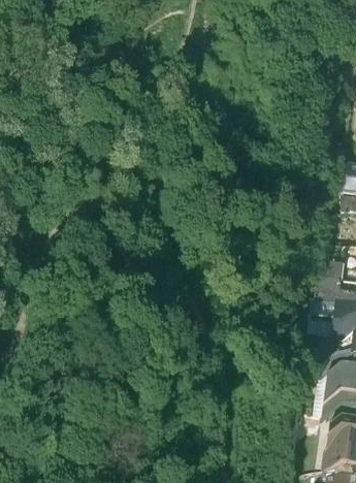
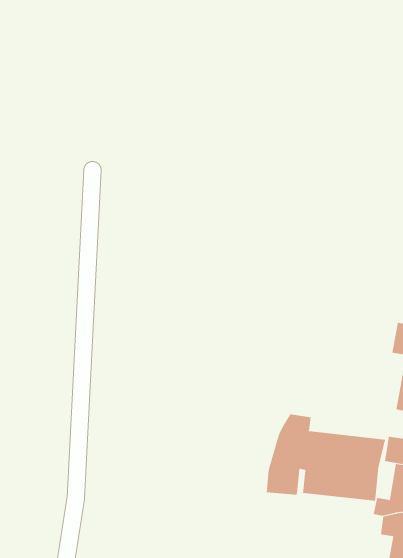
building: none -> [266,413,386,501]

